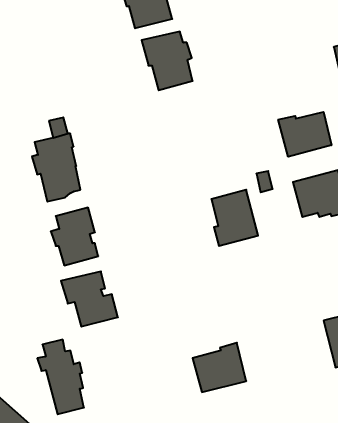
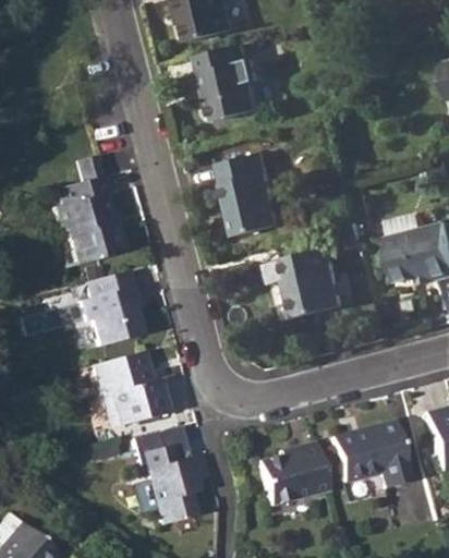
building: [278,112,331,157] -> none
building: none -> [217,153,281,236]
building: none -> [332,422,410,489]
building: [37,340,84,414] -> [133,429,193,525]

